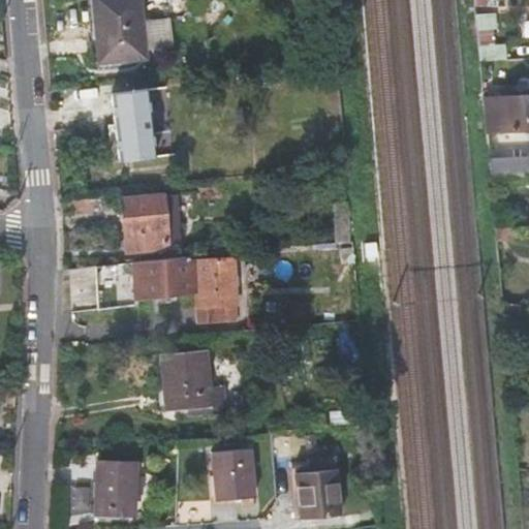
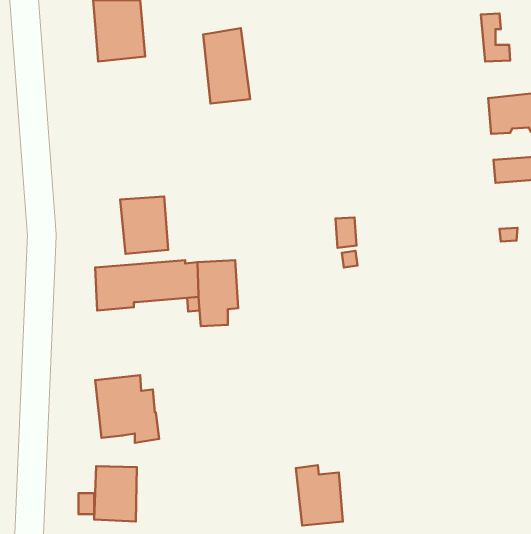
building: [112,87,158,161] -> [203,28,250,103]
building: [163,348,226,415] -> [95,375,159,443]
building: [214,448,256,501] -> none

